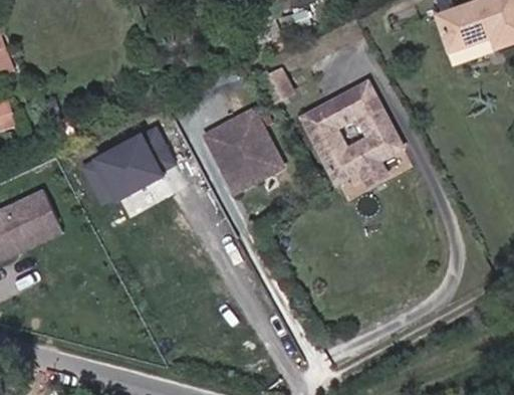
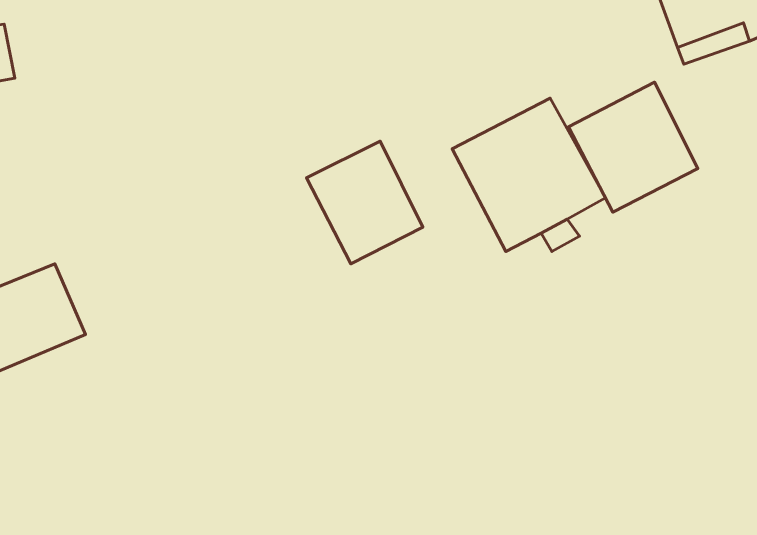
building: none -> [568,82,698,212]
building: [83,127,178,206] -> none

